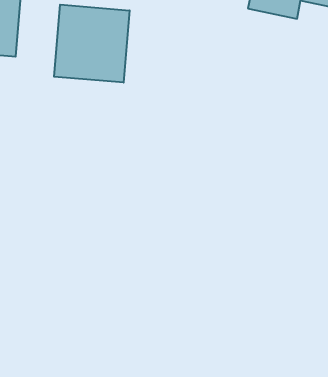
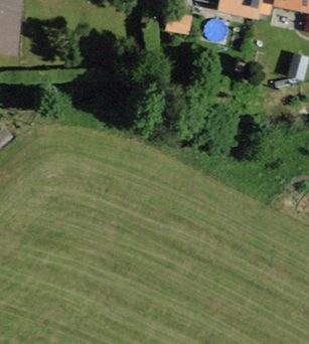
building: [54,5,130,83] -> none

